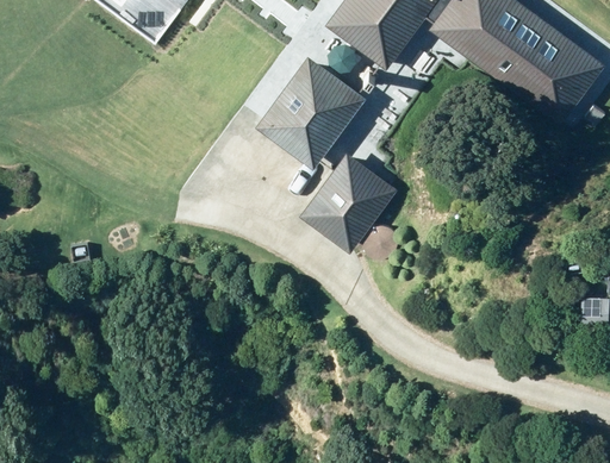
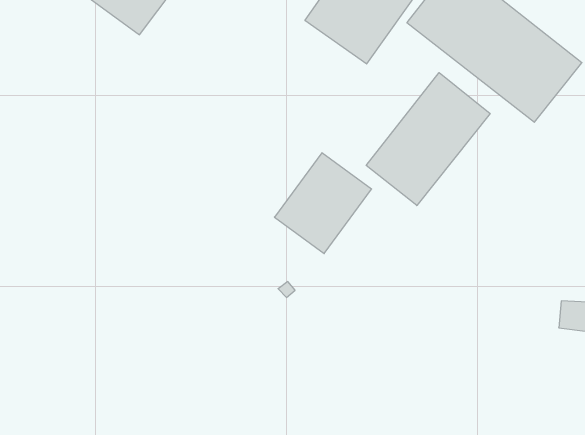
building: [253,55,362,168] -> none
building: none -> [366,73,490,206]

